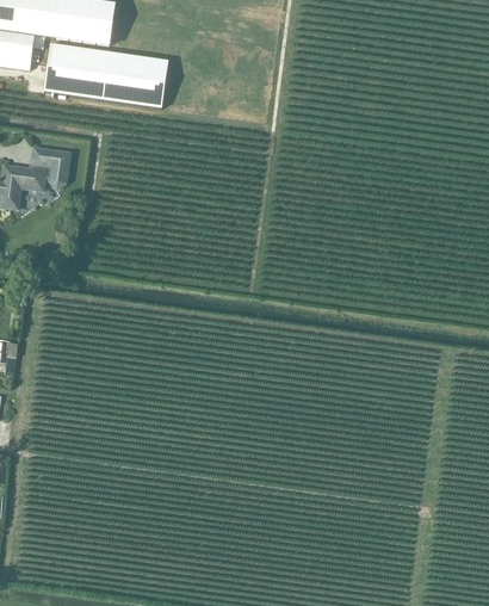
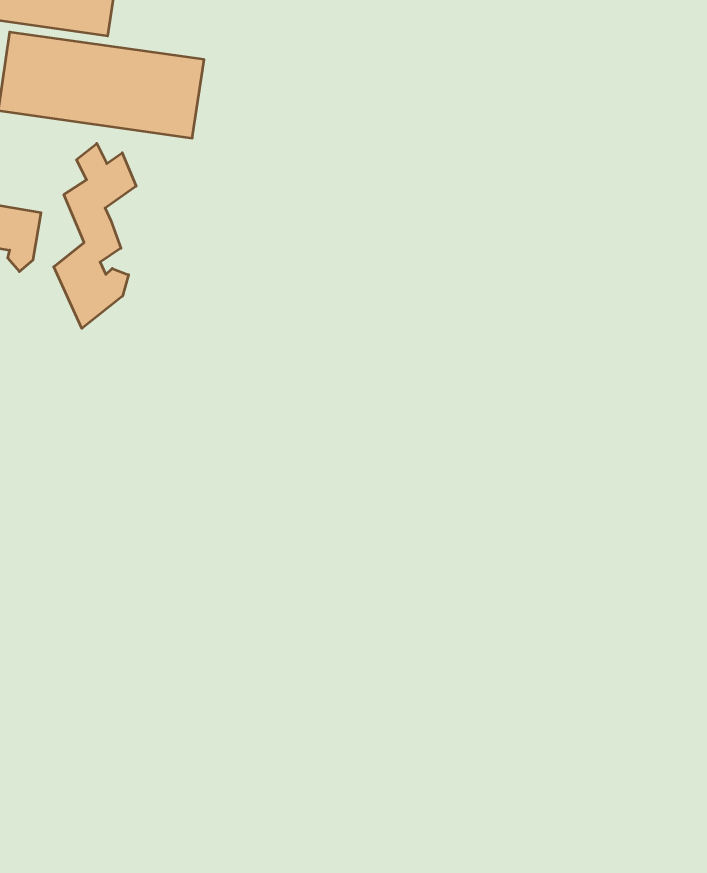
building: none -> [54,143,136,328]

